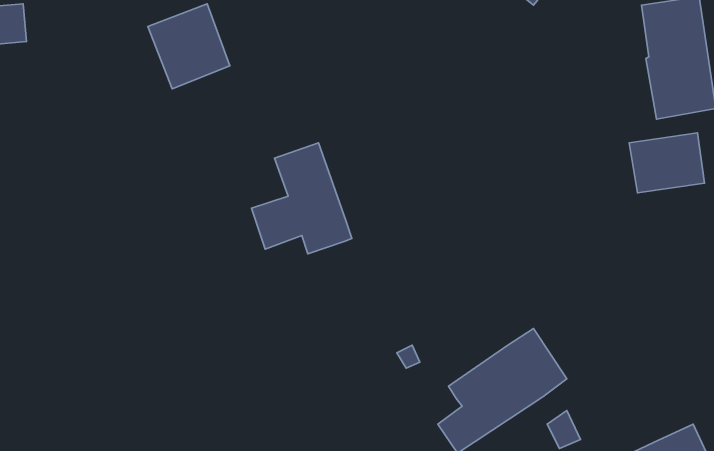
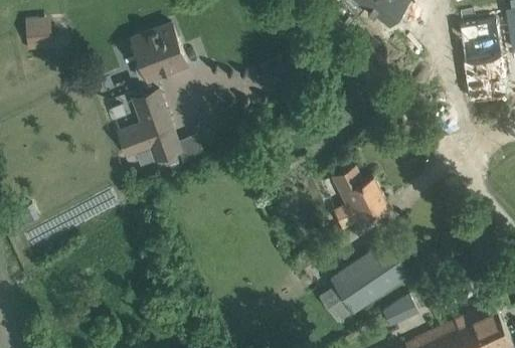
building: [629,133,705,193] -> none
building: [252,143,352,254] -> [116,88,182,161]
building: none -> [332,167,388,229]

